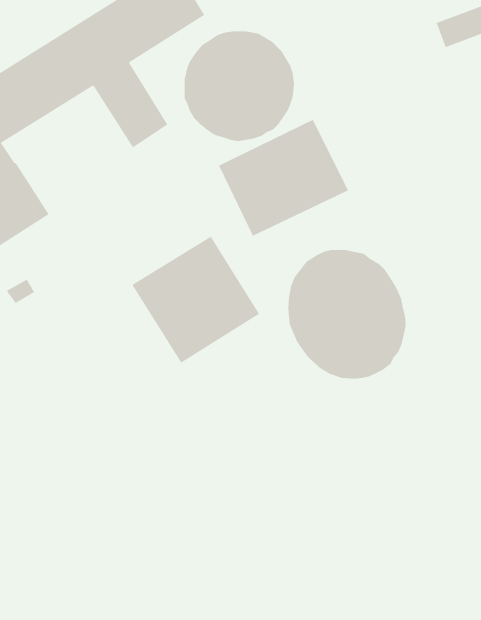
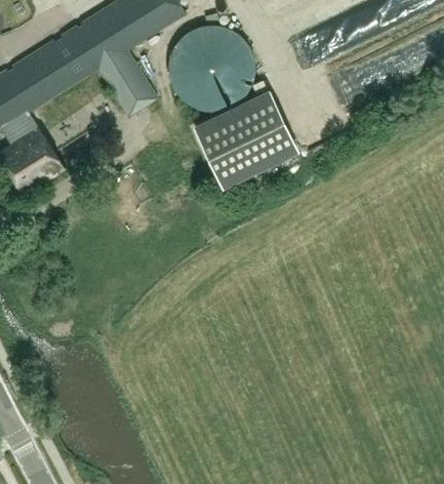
building: [131,236,260,364] -> none
building: [288,249,406,380] -> none

